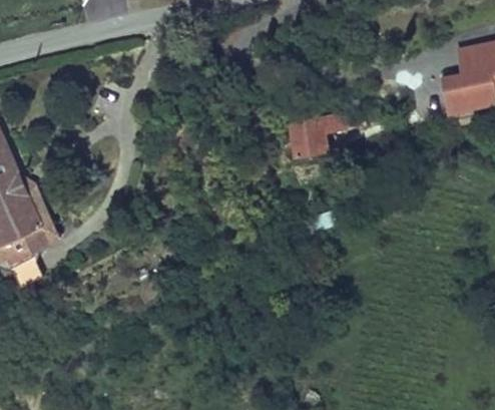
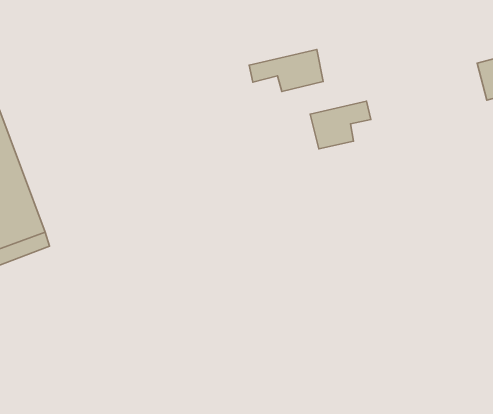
building: none -> [249,50,323,91]

